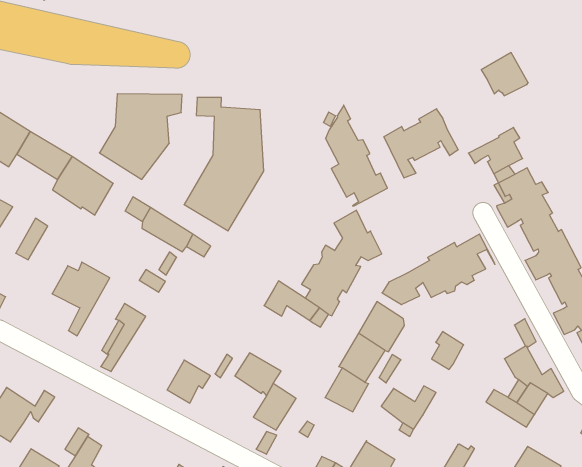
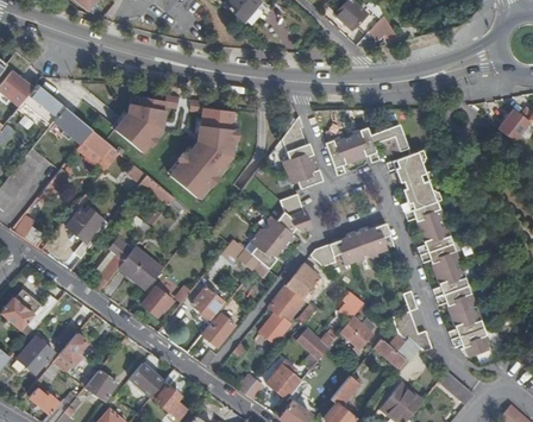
building: [481,53,528,96] -> [375,124,408,155]
building: none -> [119,246,163,290]
building: none -> [340,316,372,349]

